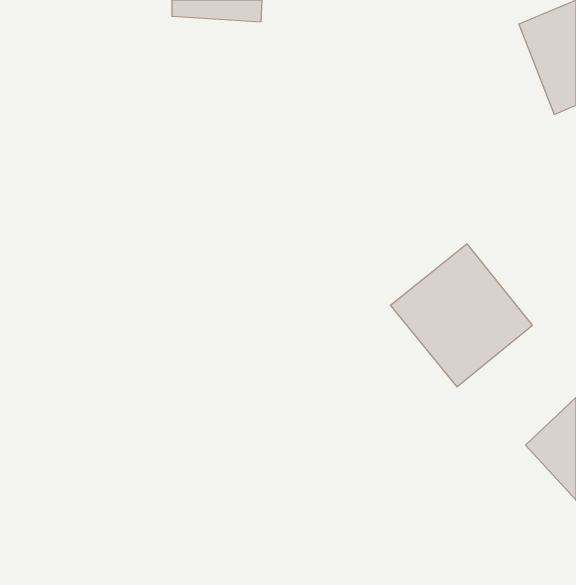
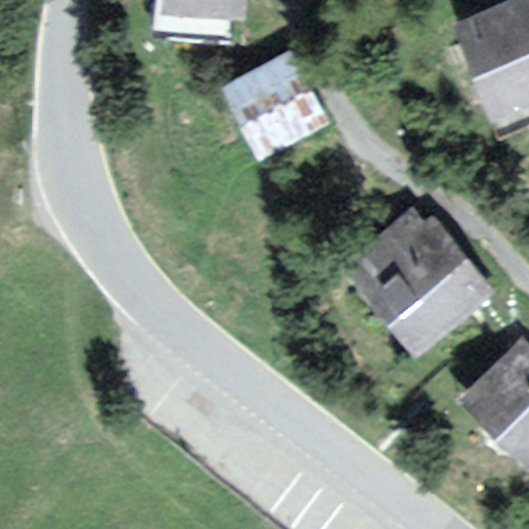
building: none -> [239,61,322,145]

